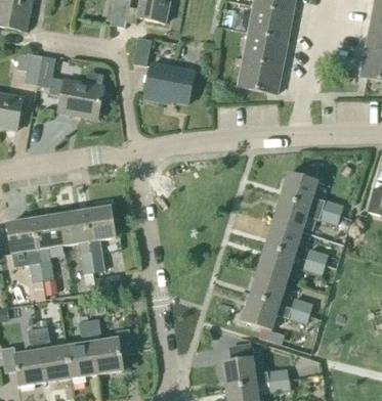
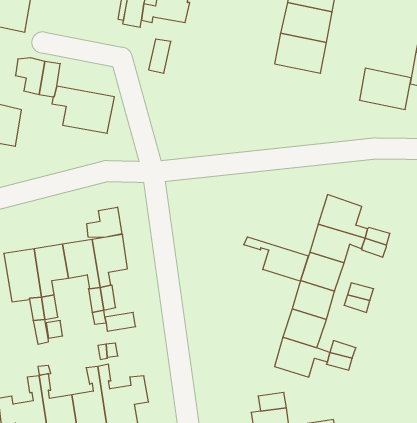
building: [237,57,282,93] -> [359,68,411,109]
building: [143,61,194,102] -> none
building: none -> [87,207,122,237]
building: none -> [244,237,308,281]

